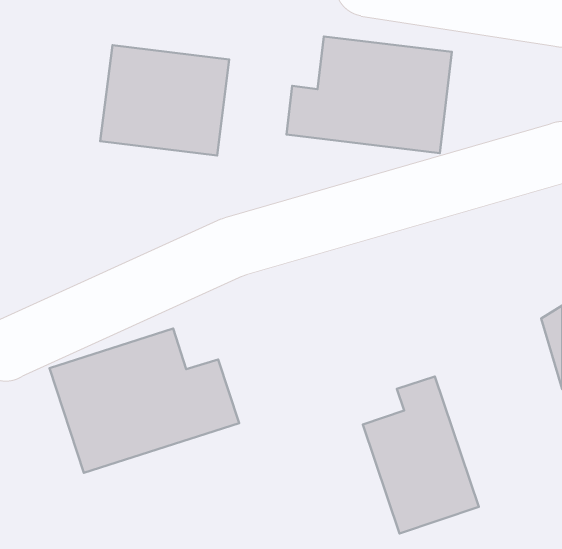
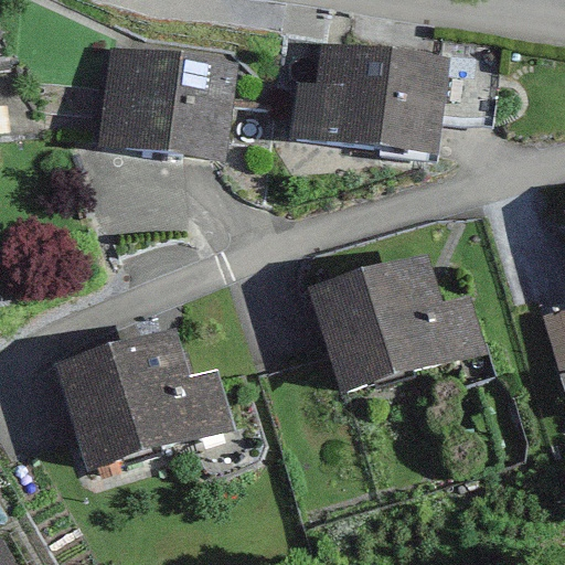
building: none -> [309,256,486,394]
building: [363,376,479,534] -> none

